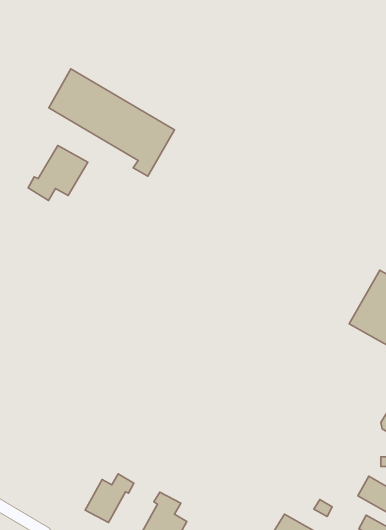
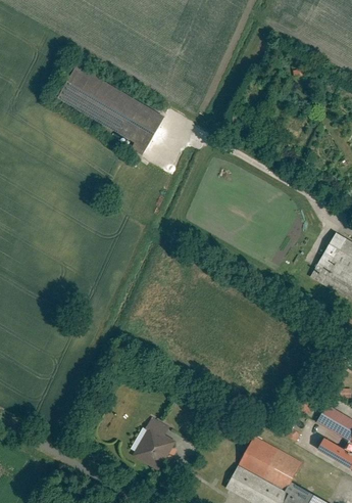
building: [28,145,88,200] -> none
building: [85,474,134,522] -> none

